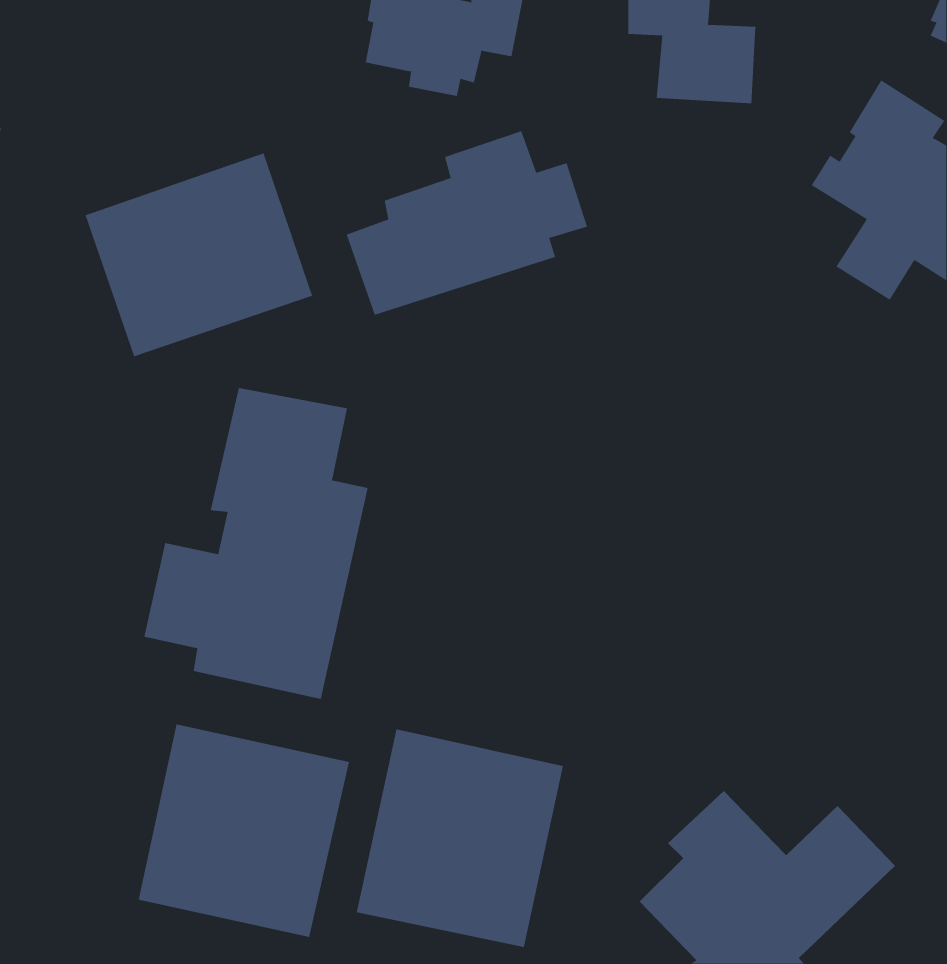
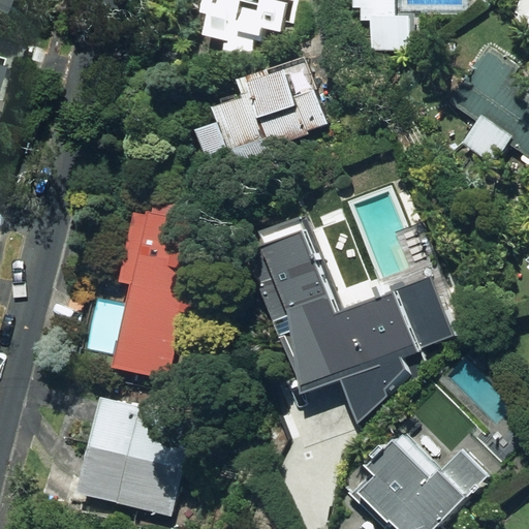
building: [85,153,313,357] -> none
building: none -> [261,224,454,429]
building: [356,729,563,948] -> none

